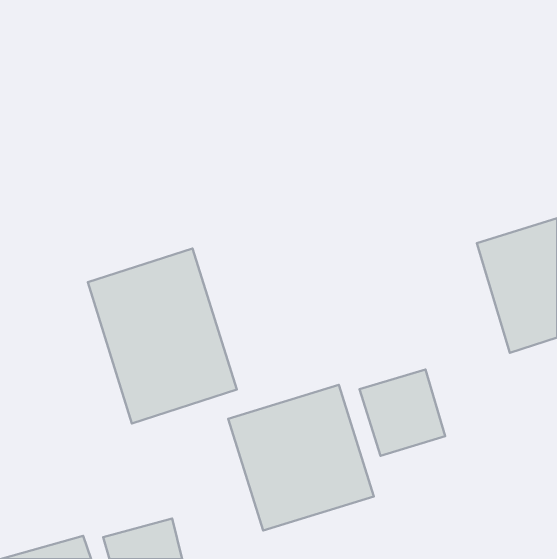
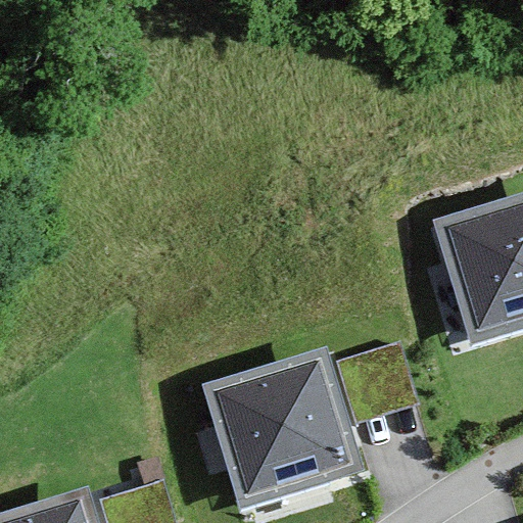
building: [88,248,237,423] -> none

